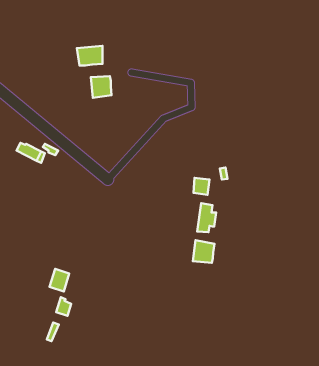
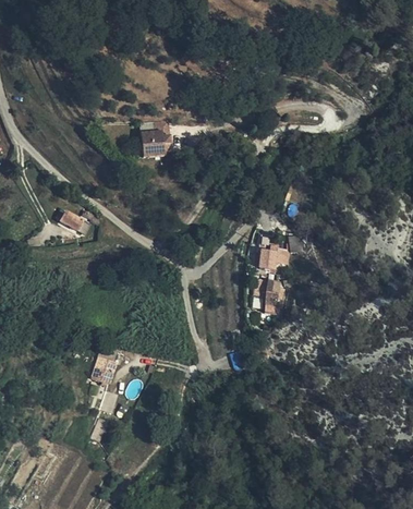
building: [77,46,103,66] -> none
building: [193,240,214,263] -> none

